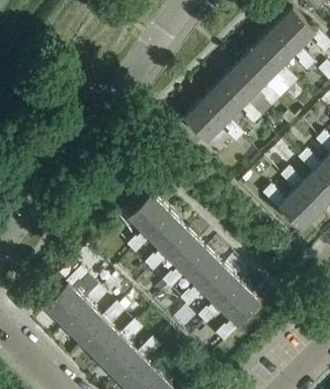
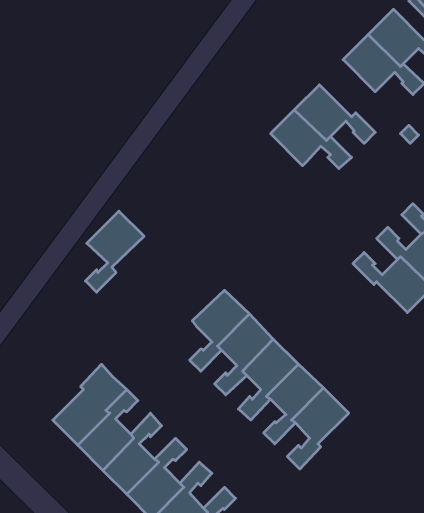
building: [238,47,297,90] -> none
building: [184,100,243,144] -> none
building: [127,196,169,254] -> [85,211,144,292]

